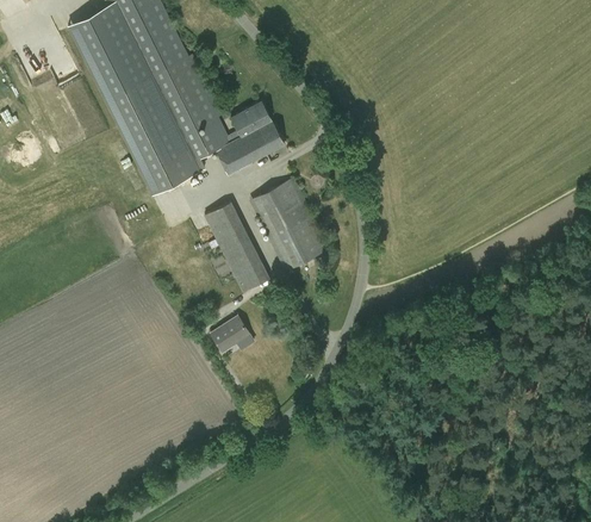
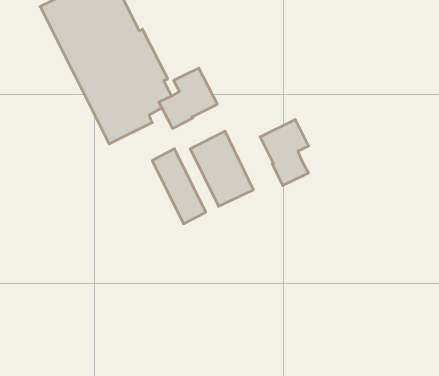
building: none -> [260,119,309,186]
building: [210,316,254,349] -> none

